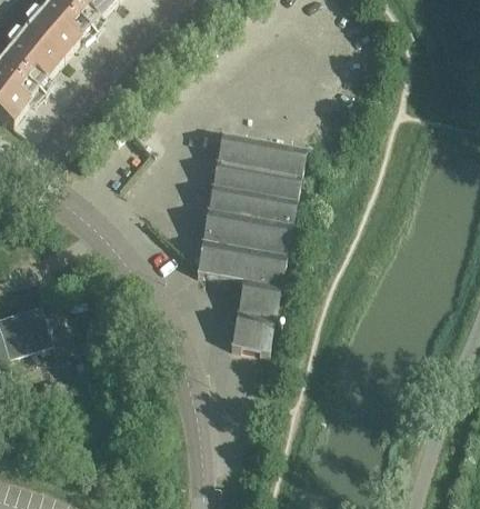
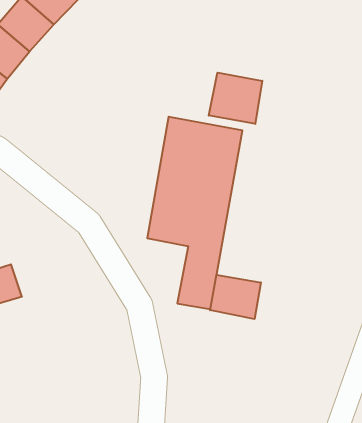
building: none -> [209,73,262,124]
building: none -> [210,275,261,319]

